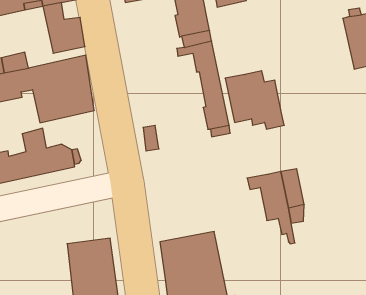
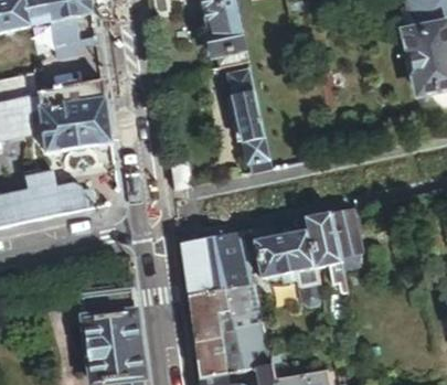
building: [225,71,284,129] -> [248,222,318,290]
building: none -> [182,233,253,297]

